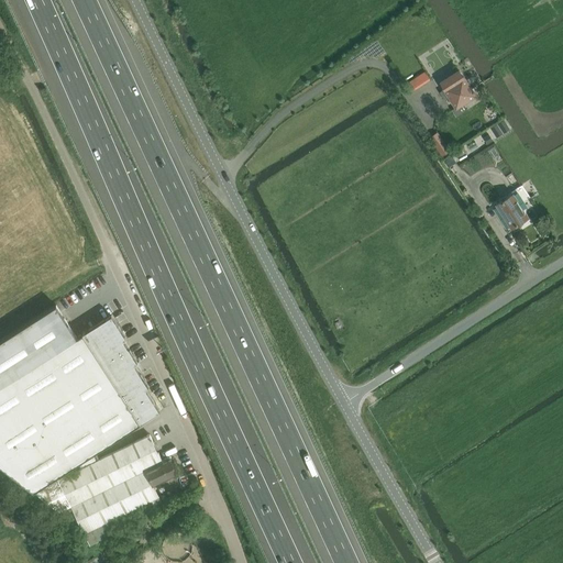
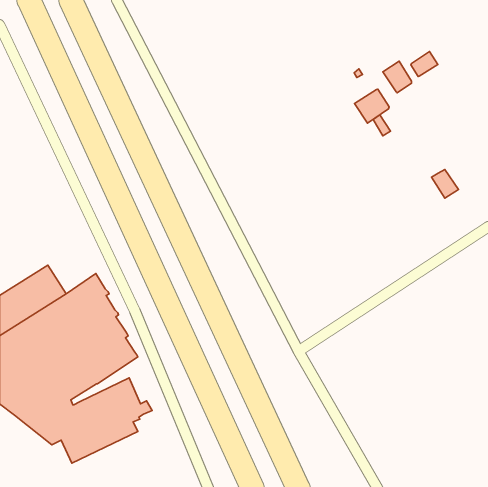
building: none -> [411,51,438,77]
building: none -> [355,89,389,123]

